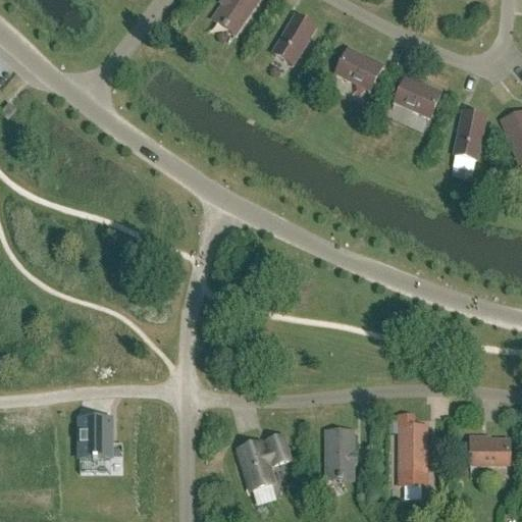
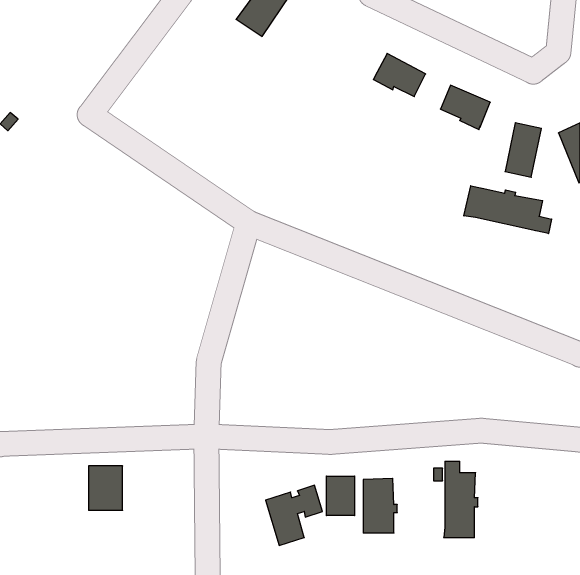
building: [273,13,316,64] -> none
building: none -> [464,186,552,234]
building: none -> [326,476,355,516]
building: [470,438,510,463] -> none

